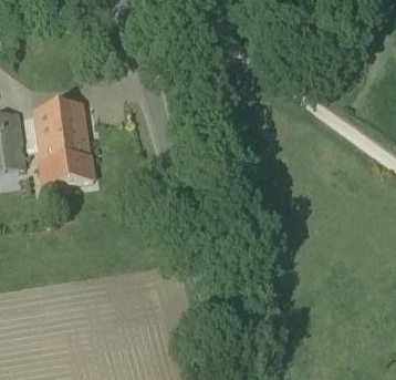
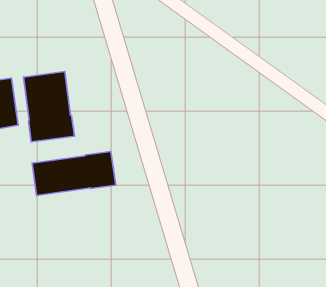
building: none -> [32,151,116,196]

